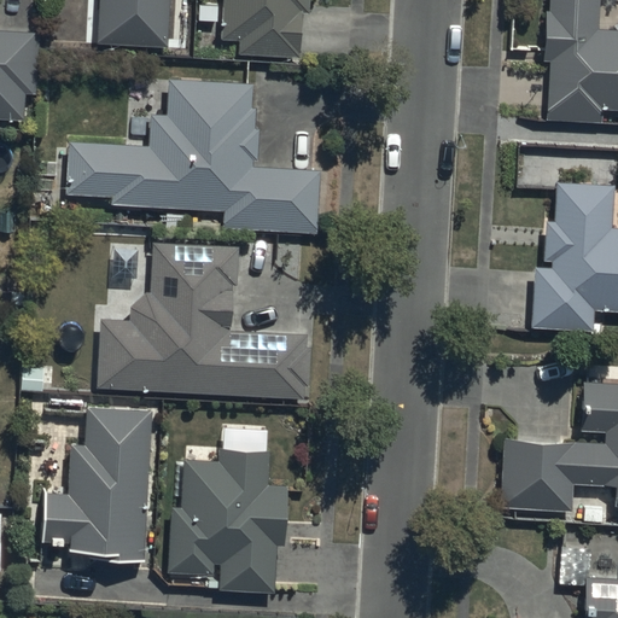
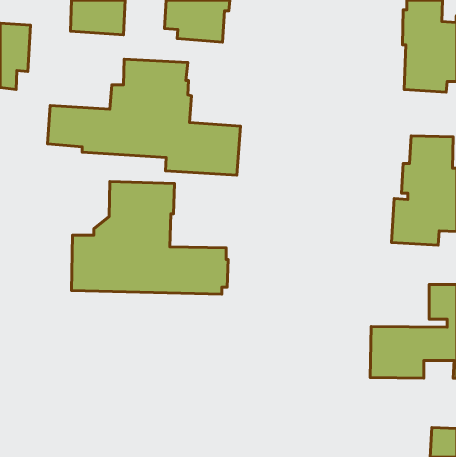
building: [43,409,148,561] -> none
building: [169,448,287,593] -> none

